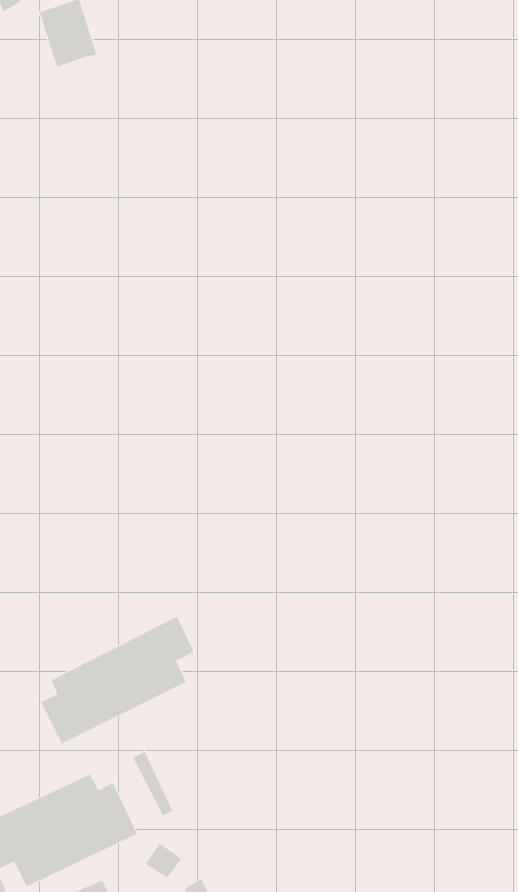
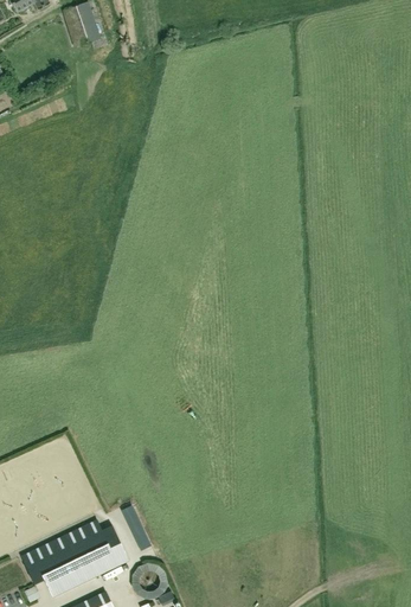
building: [41,616,194,745] -> none

